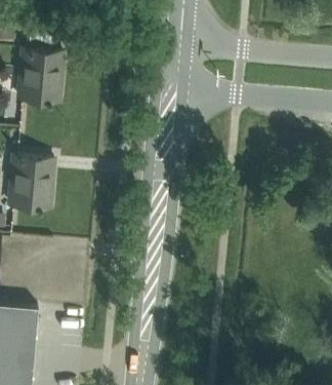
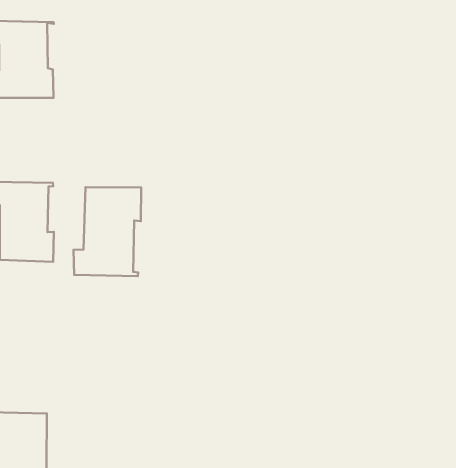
building: none -> [74,187,141,276]

